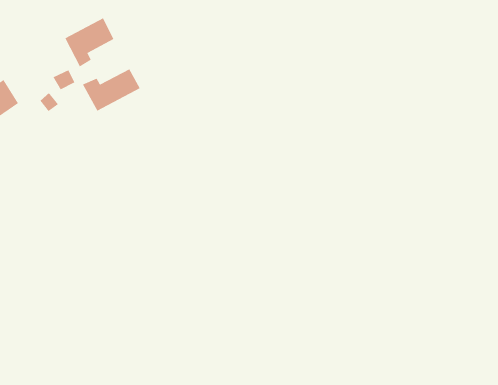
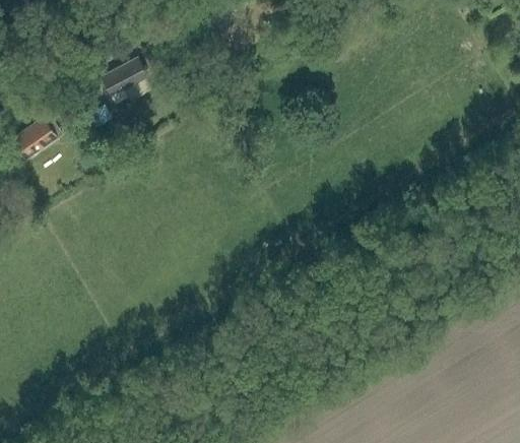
building: [82,69,141,112] -> none

